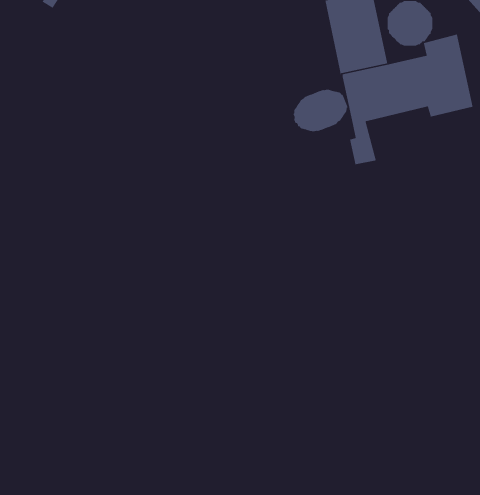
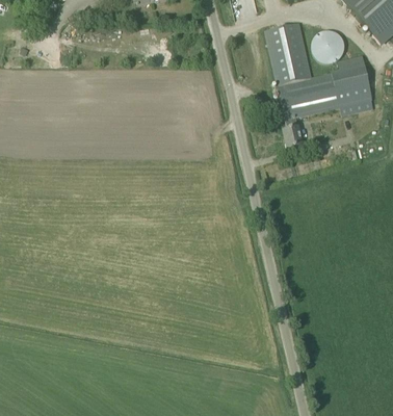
building: [293,89,348,132] -> none

